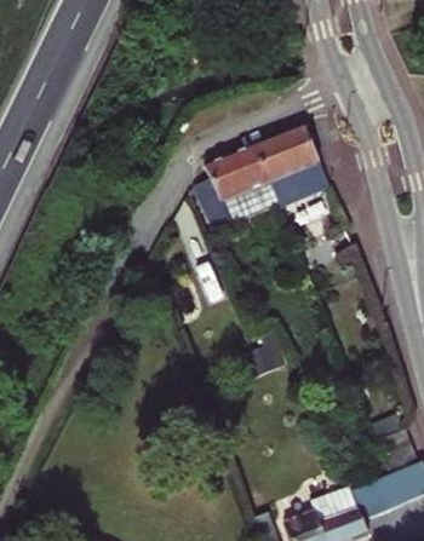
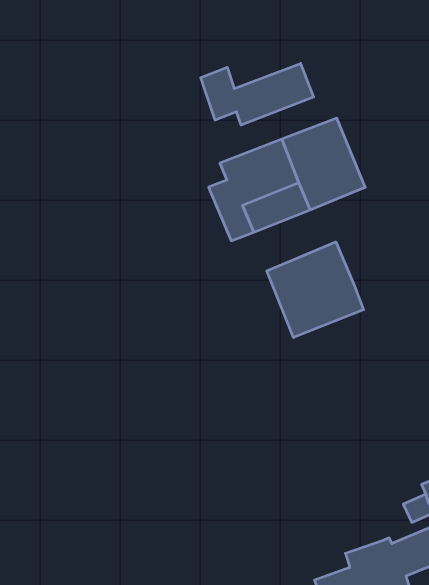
building: none -> [201,63,314,125]
building: none -> [267,242,364,338]

